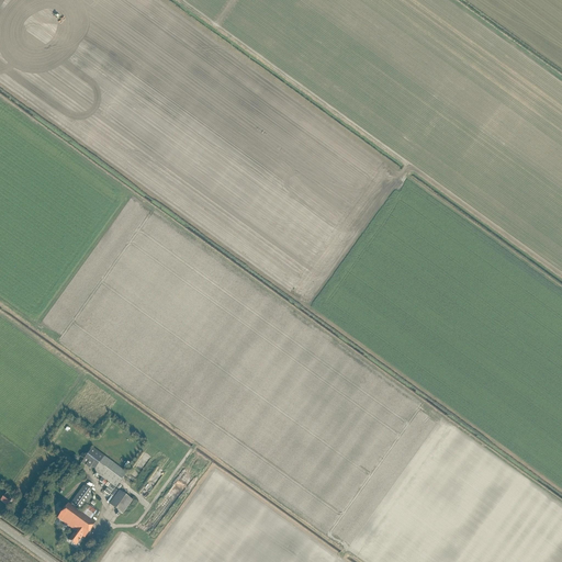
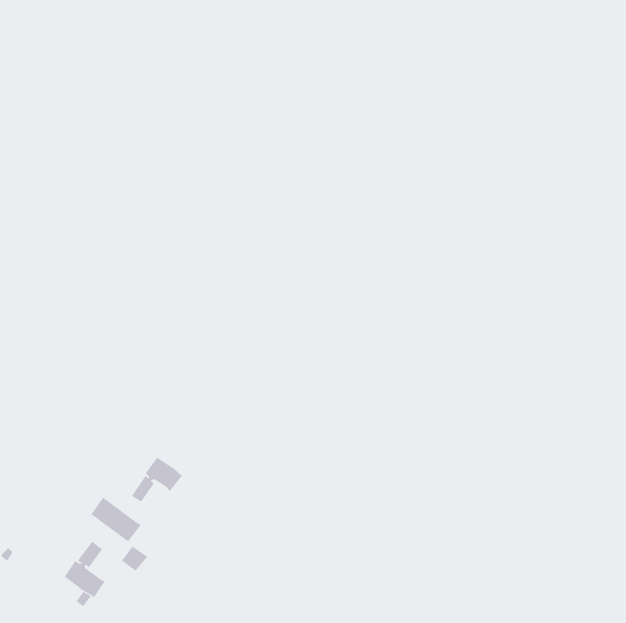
building: none -> [131,457,183,503]

